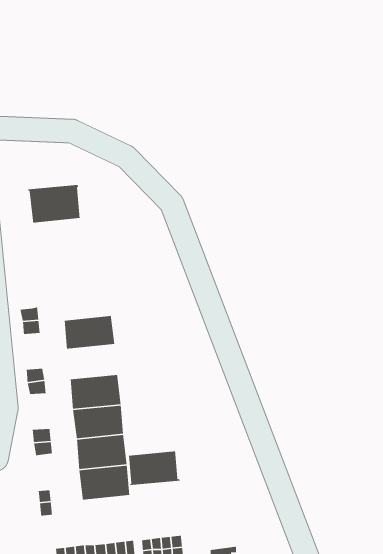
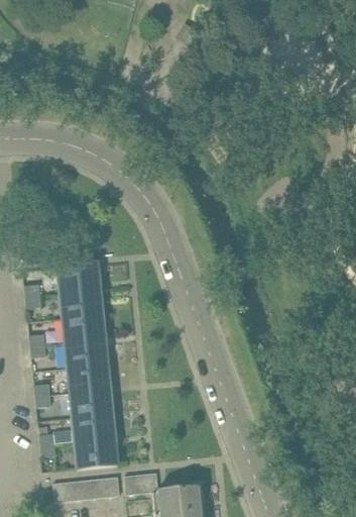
building: [28,184,80,223] -> [56,263,100,295]
building: none -> [63,315,105,343]
building: [128,450,181,486] -> [76,439,119,469]

